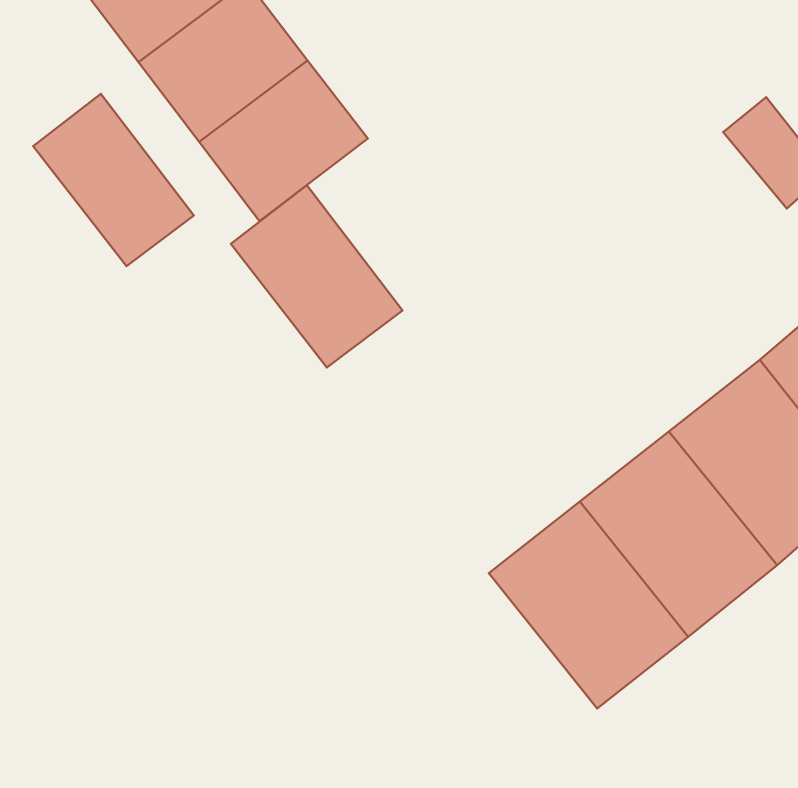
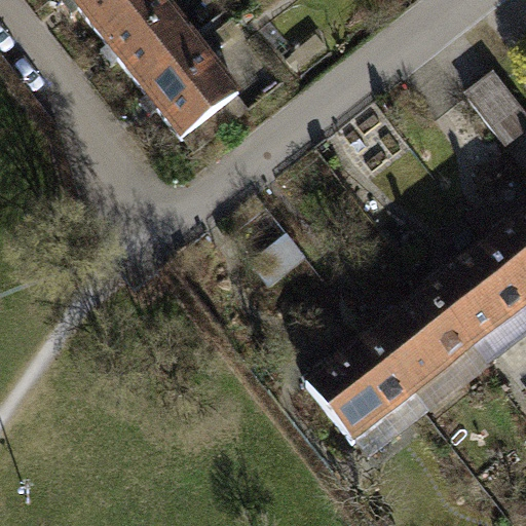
building: [33,94,194,266] -> none
building: [231,185,403,367] -> none

